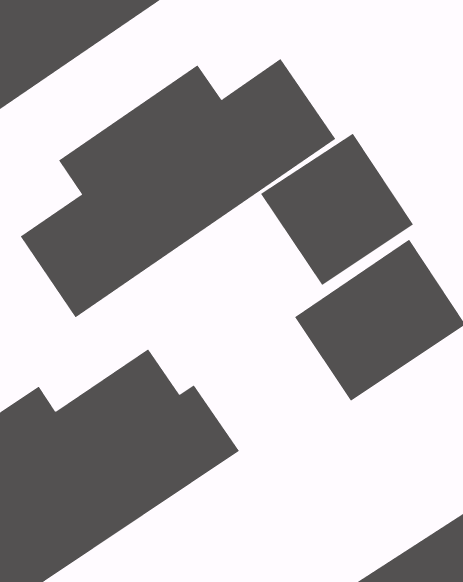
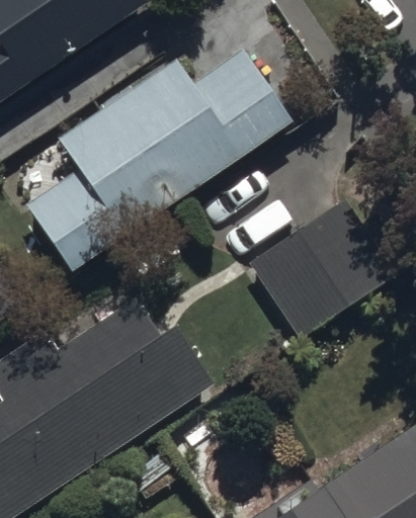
building: [260,133,414,286] -> none

